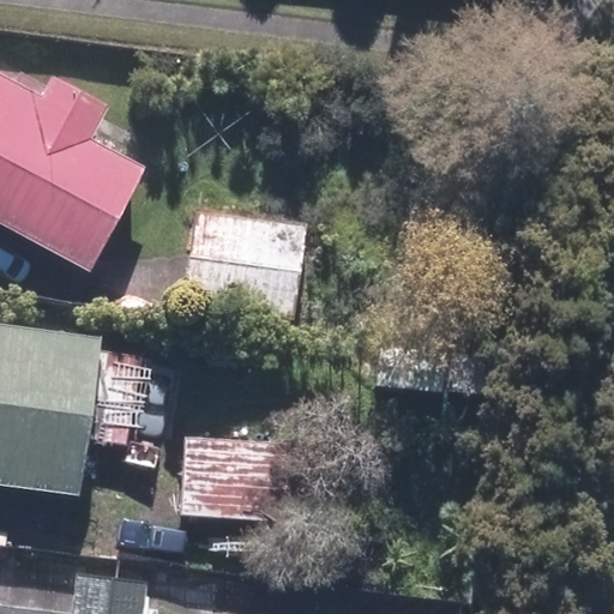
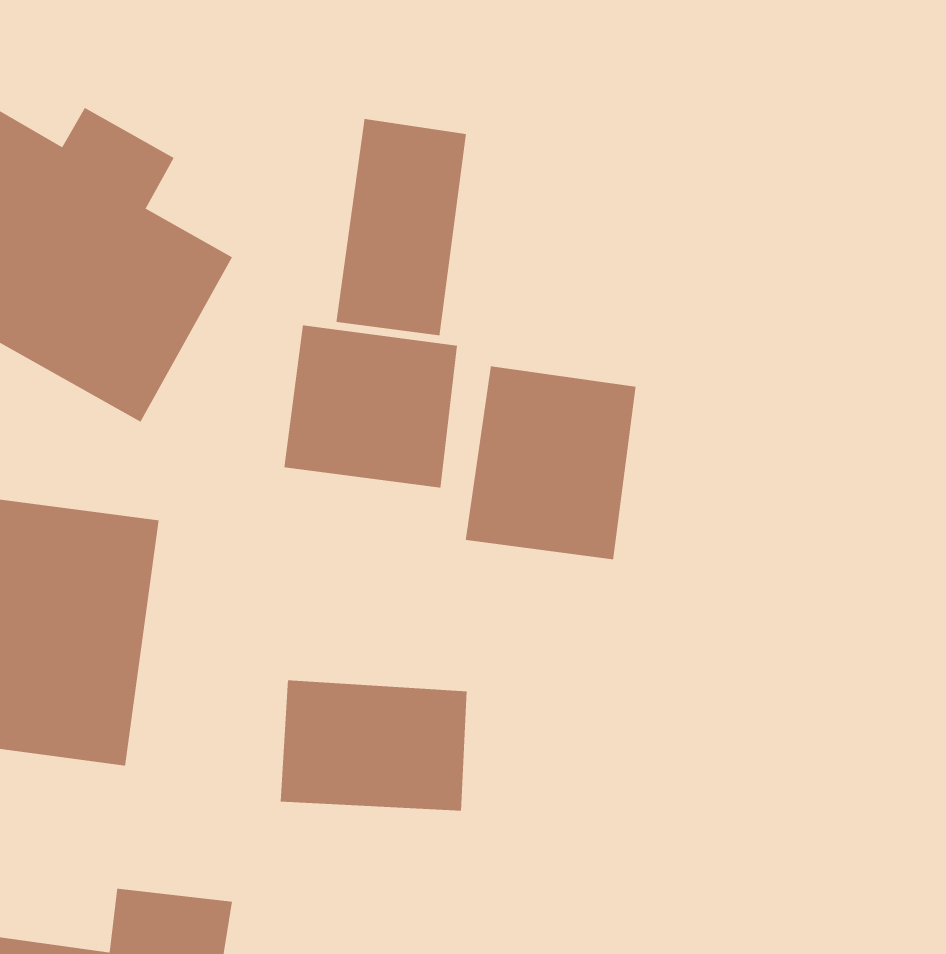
building: none -> [336,118,466,336]
building: none -> [465,365,636,560]

